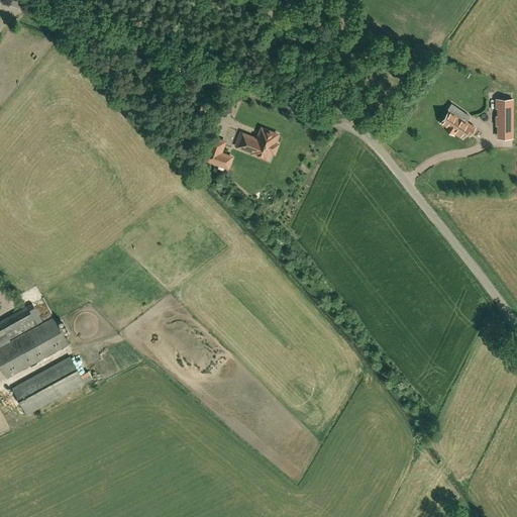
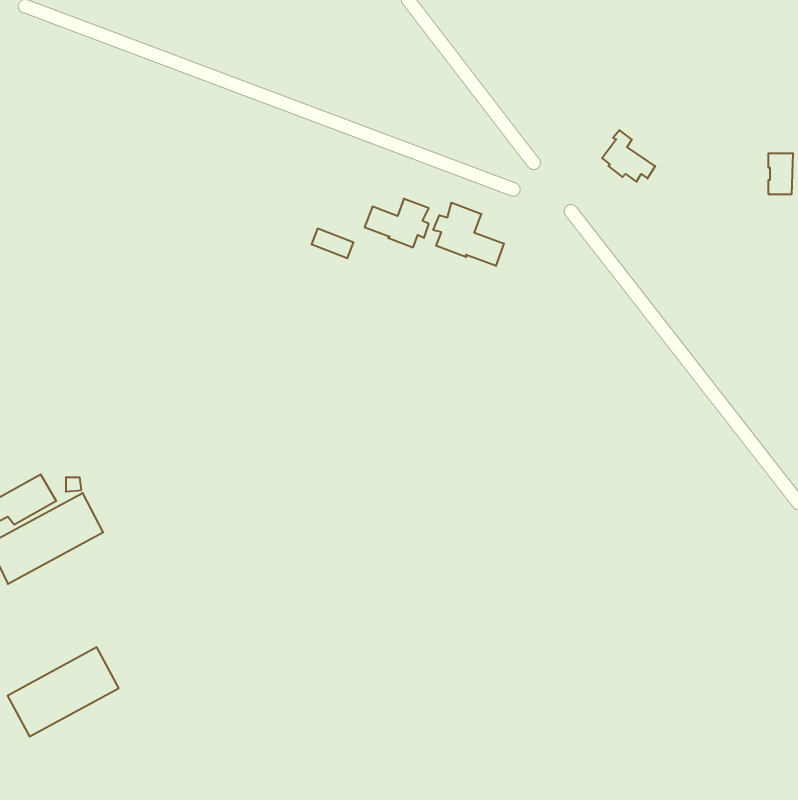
building: [439,104,474,137] -> [602,130,655,182]
building: none -> [433,203,504,266]
building: [12,356,84,414] -> [8,647,119,737]

